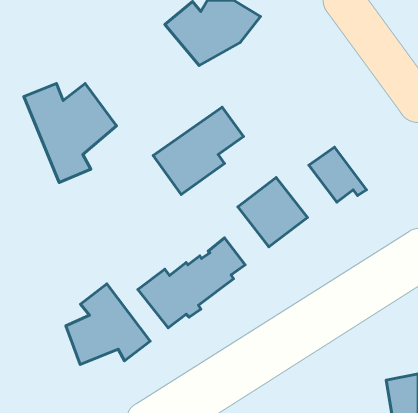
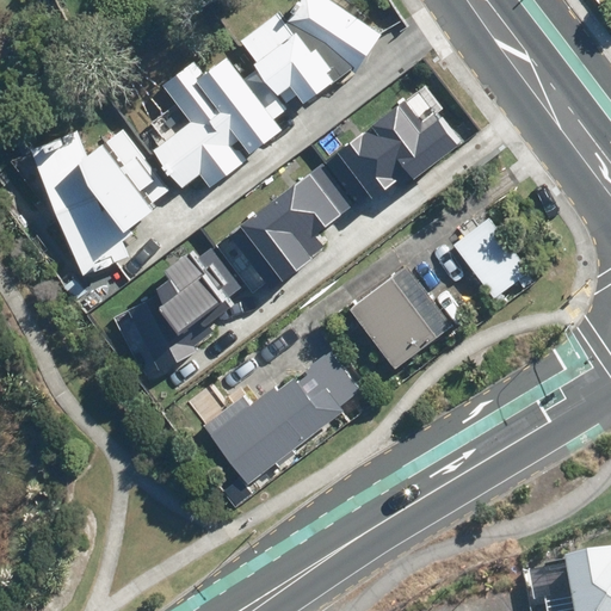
building: none -> [156,54,285,186]
building: none -> [338,101,458,203]
building: none -> [130,248,234,364]
building: [66,284,150,365] -> none

